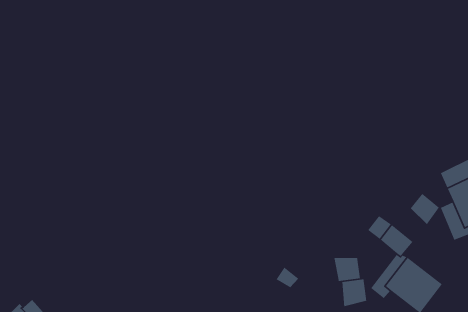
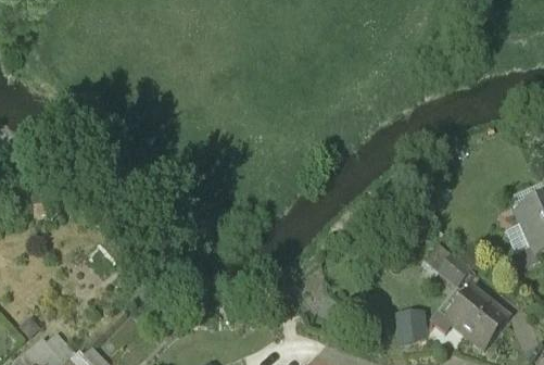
building: [410,193,440,225] -> none
building: [334,257,361,282] -> none

